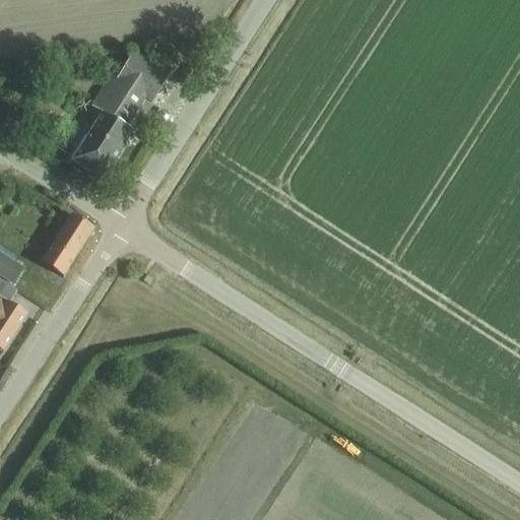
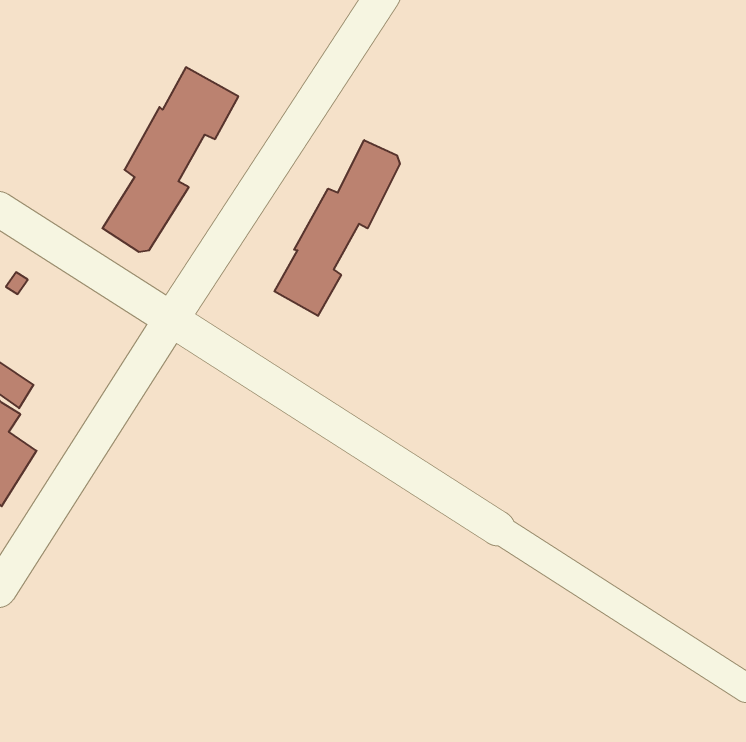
building: none -> [274,140,400,316]
building: [39,212,92,275] -> none

